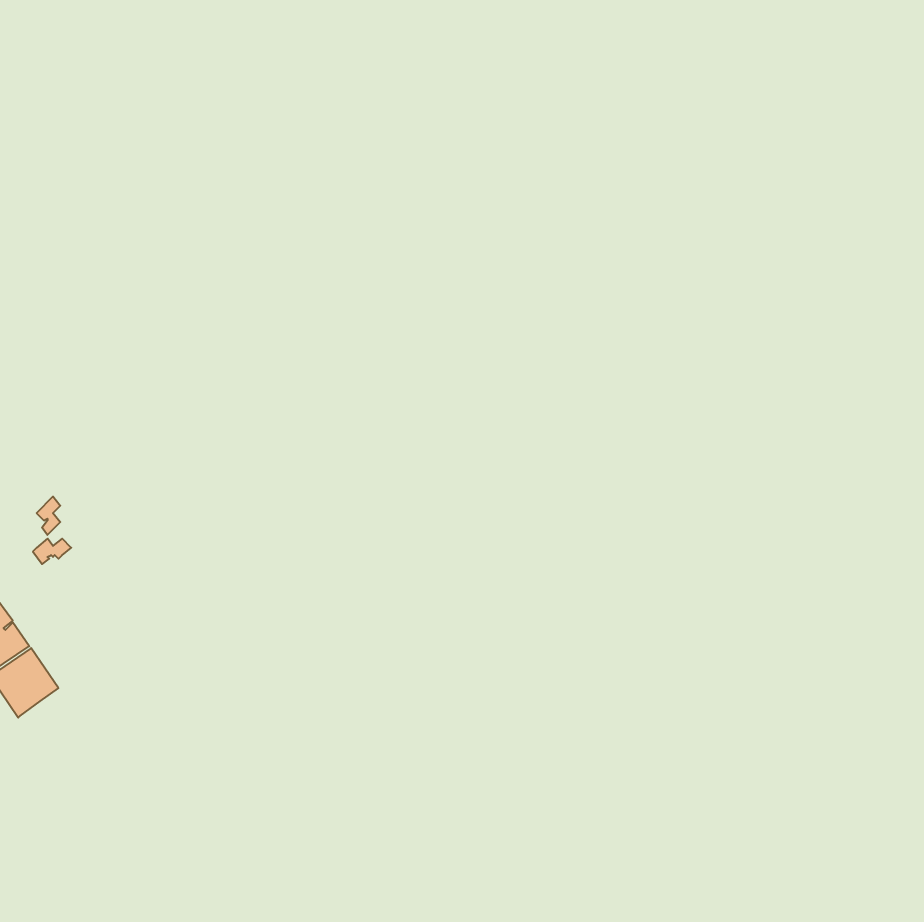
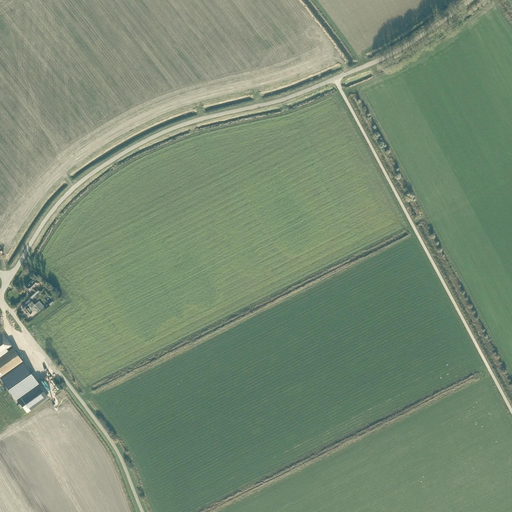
building: none -> [10,377,43,407]

